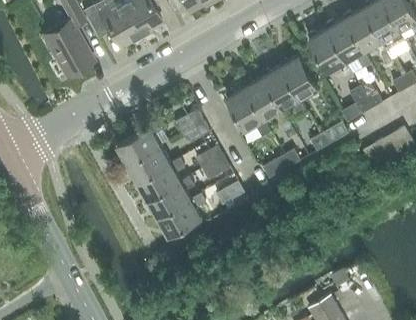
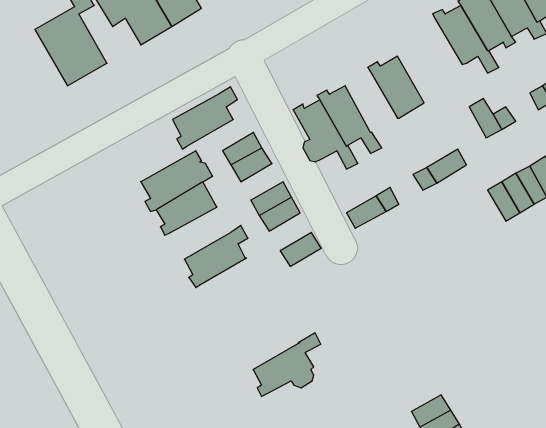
building: [307,30,355,76] -> none
building: [261,67,307,115] -> none
building: [139,158,185,202] -> [173,87,237,149]
building: [160,192,208,237] -> [253,333,321,396]

